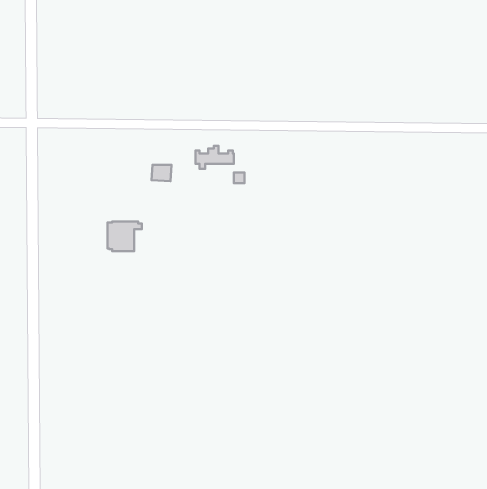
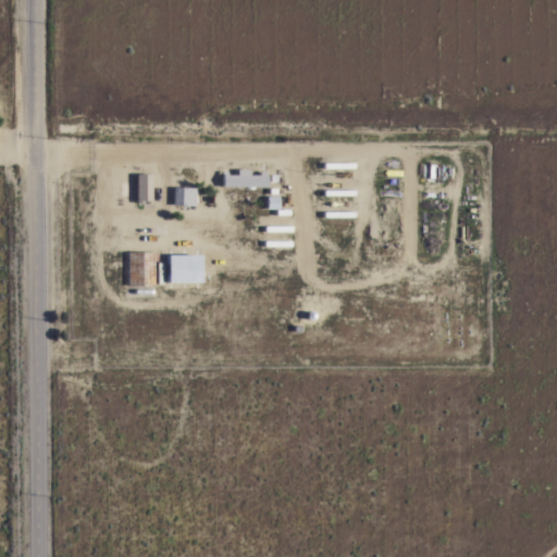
building: none -> [138,173,153,203]
building: none -> [169,256,202,283]

